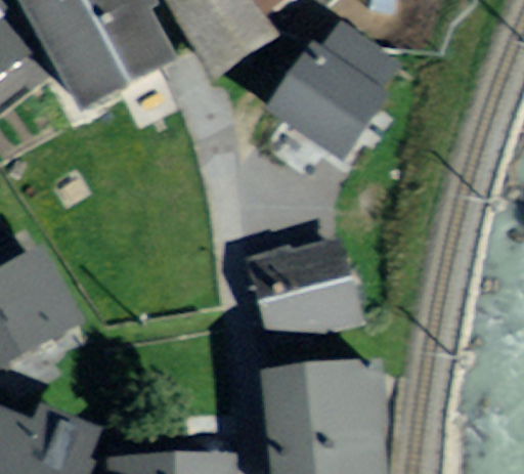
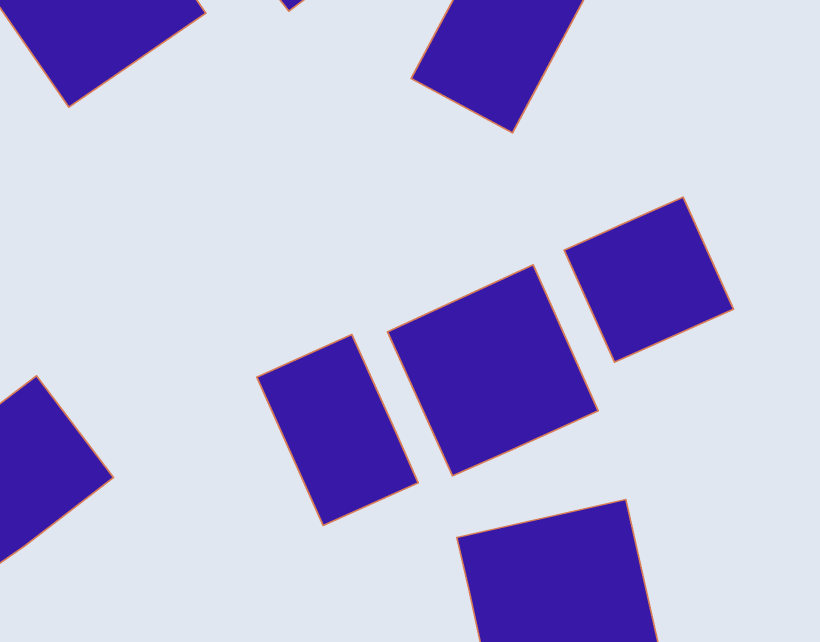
building: none -> [564,197,734,362]
building: none -> [257,334,418,526]

